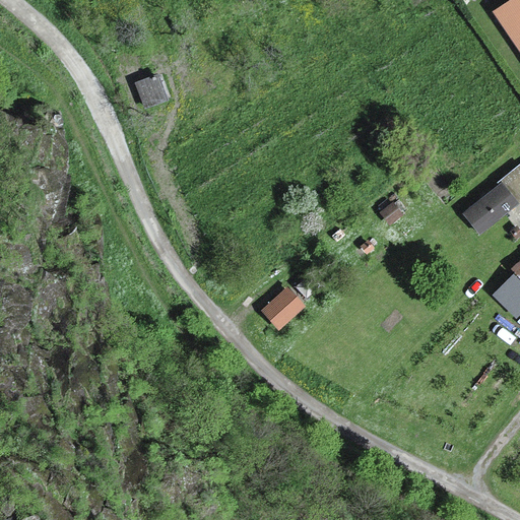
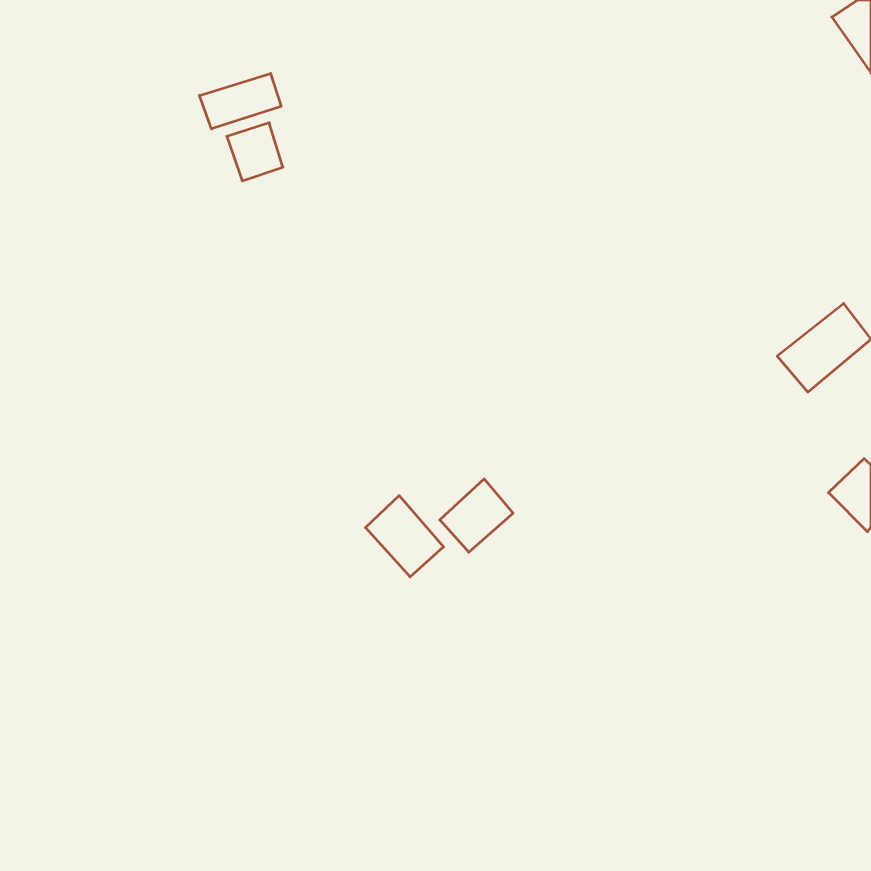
building: none -> [199,73,281,129]
building: none -> [365,496,444,577]

